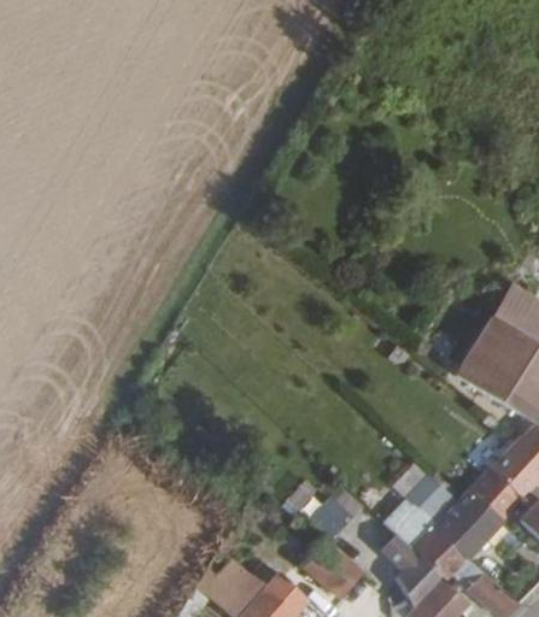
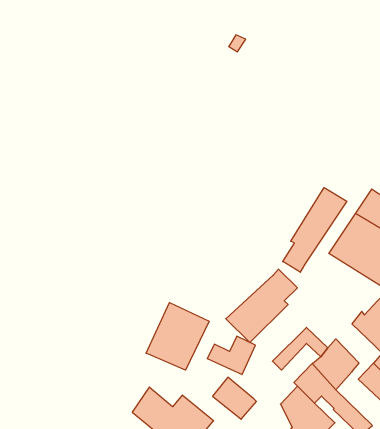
building: none -> [283,188,347,272]
building: none -> [226,269,297,343]
building: none -> [146,303,209,370]
building: [468,469,521,522] -> none

